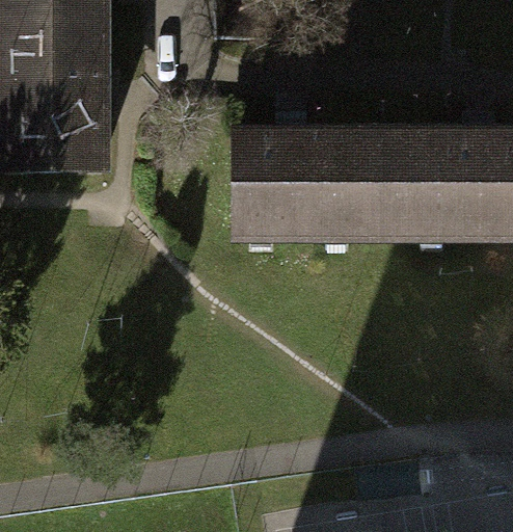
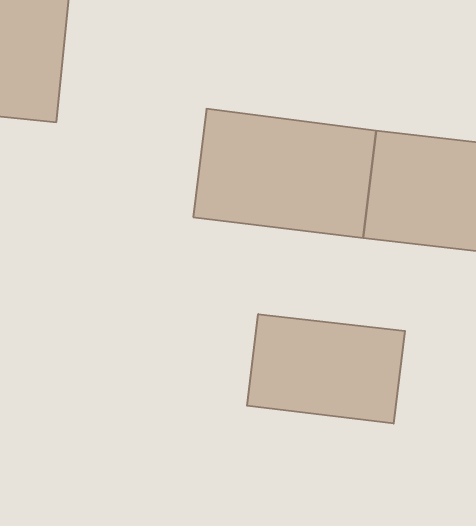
building: none -> [247,314,405,424]

